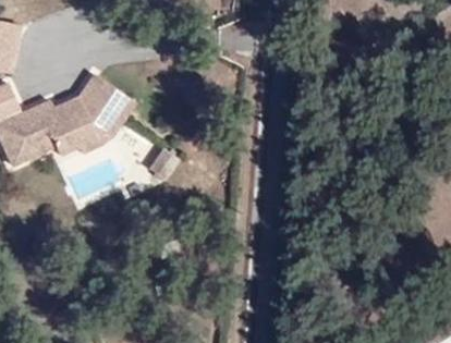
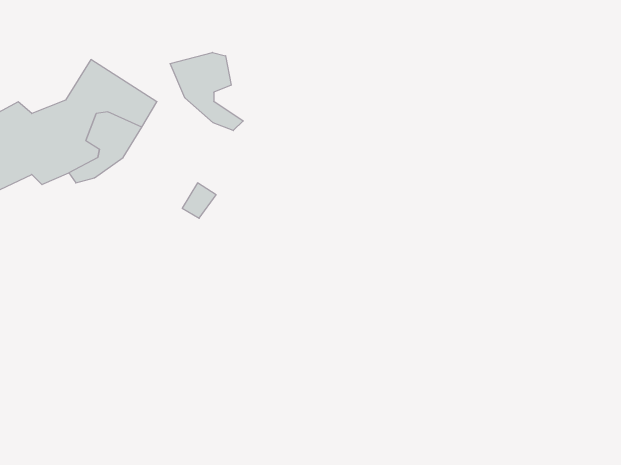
building: none -> [170,52,243,131]

